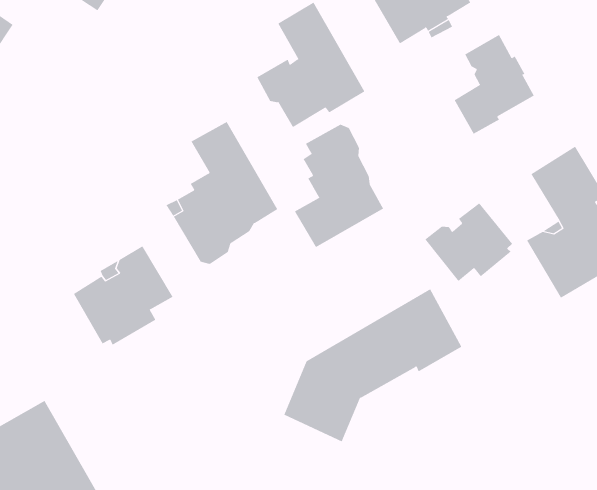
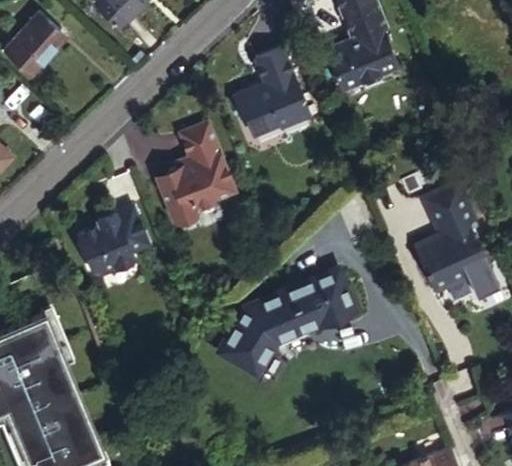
building: [454,34,535,134] -> none
building: [294,124,384,248] -> none
building: [424,203,513,282] -> none

